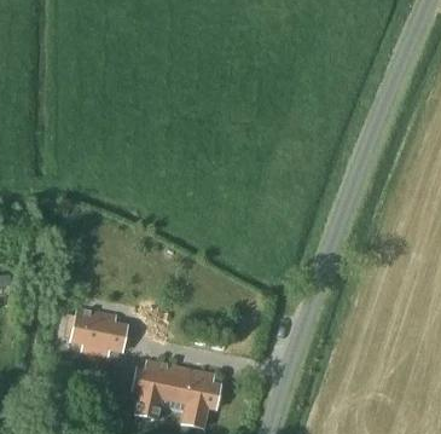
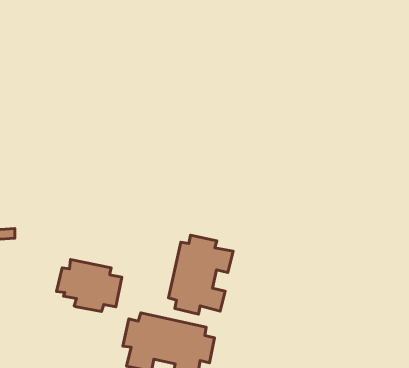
building: none -> [169,235,233,314]

